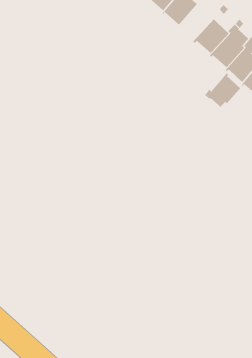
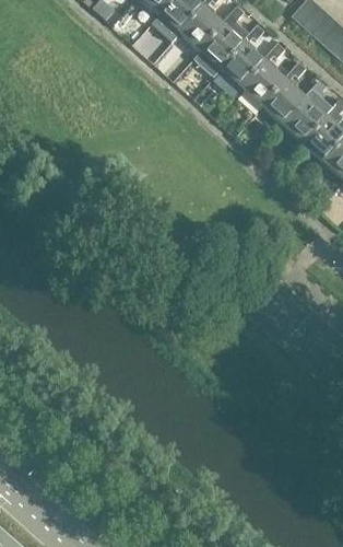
building: none -> [240,60,288,108]
building: [204,73,242,108] -> none

